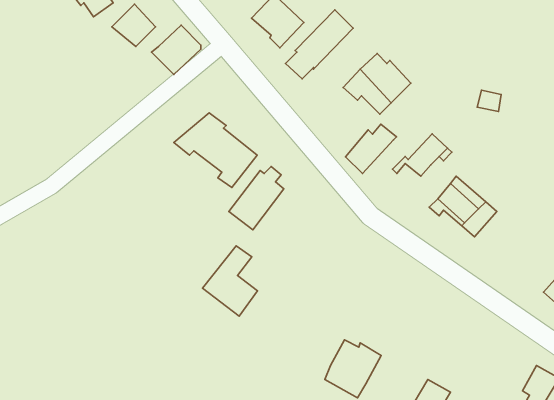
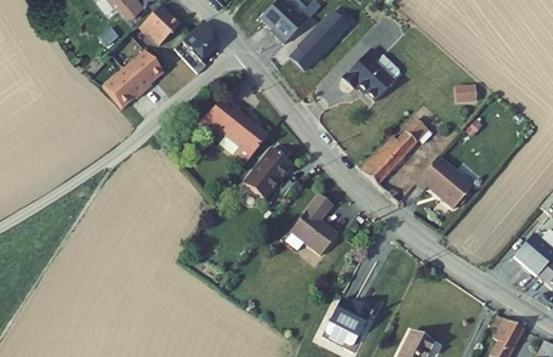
building: none -> [107,51,166,109]
building: [346,124,396,174] -> [364,143,407,186]
building: [202,246,257,316] -> [289,193,336,254]

